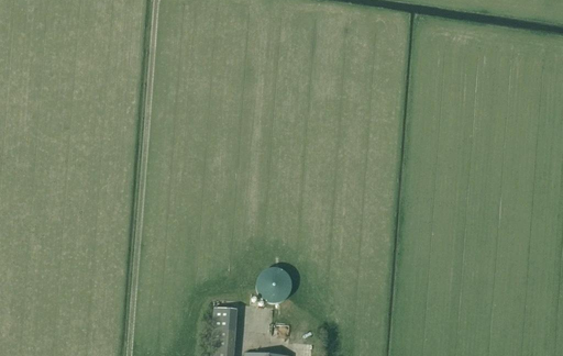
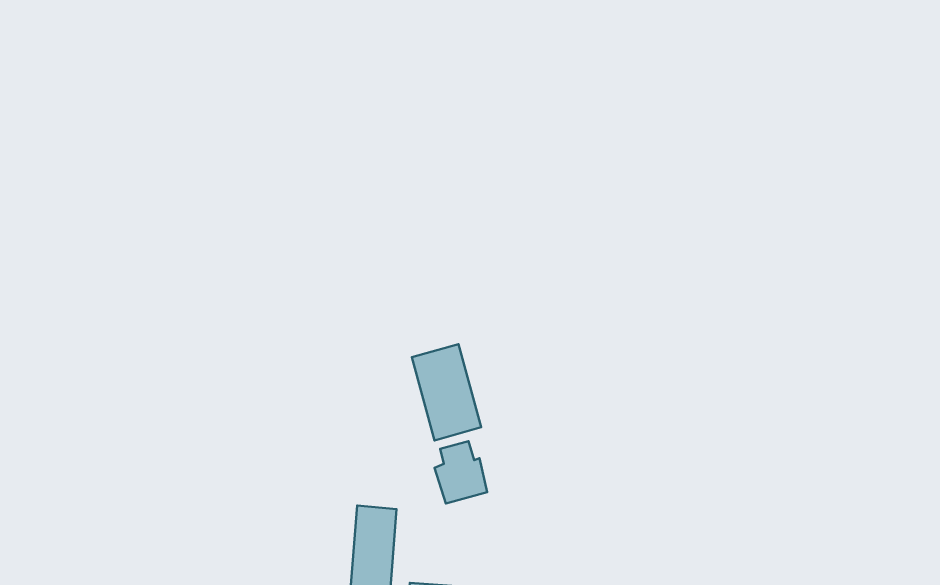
building: none -> [412,344,481,440]

